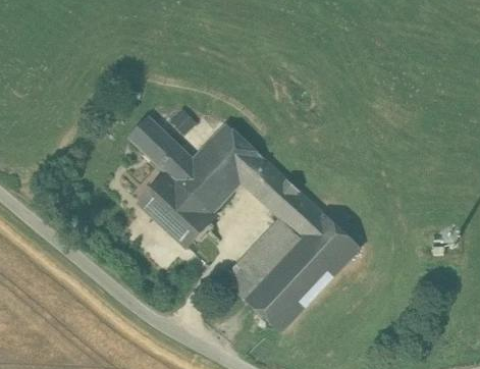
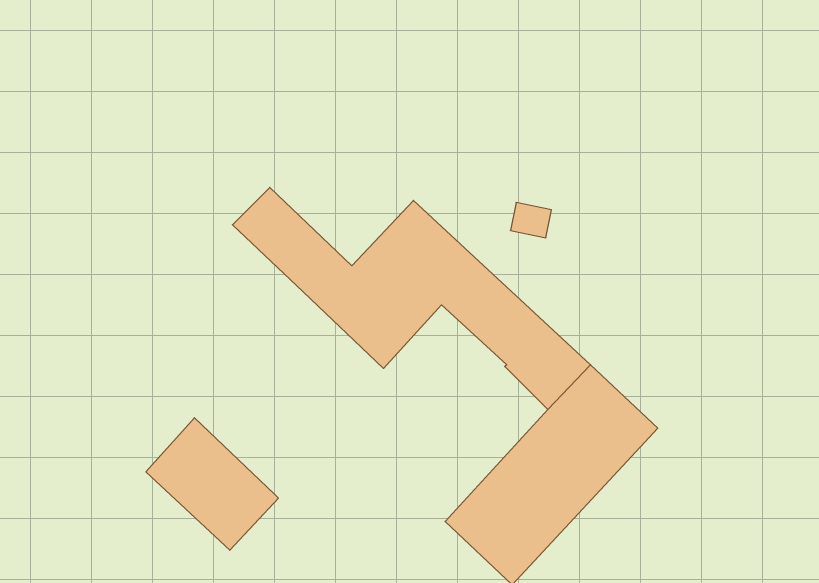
building: [140,173,212,246] -> [146,418,278,550]
building: [222,217,300,299] -> none

